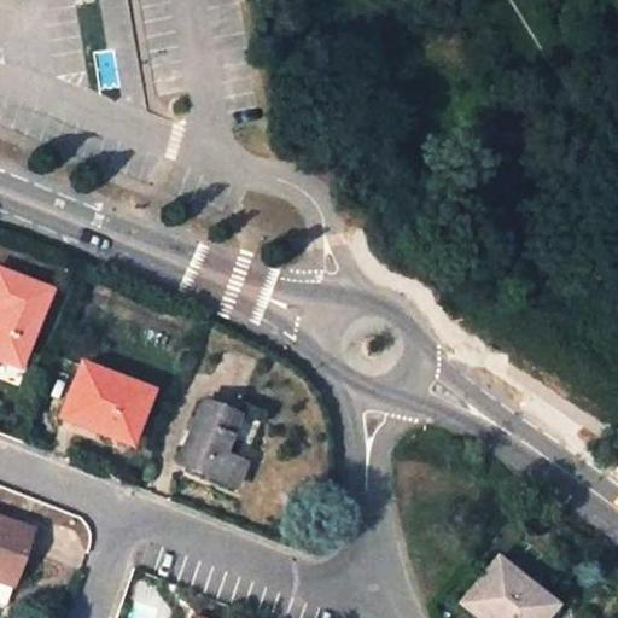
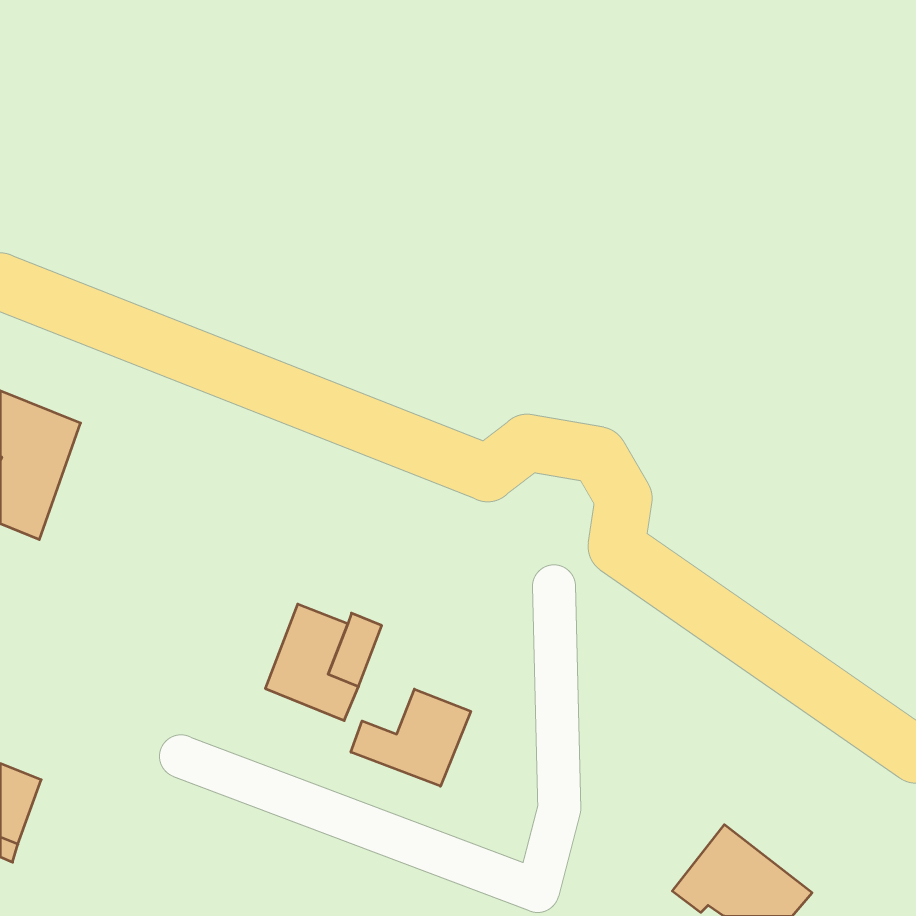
building: [66,366,152,443] -> none
building: none -> [351,689,471,786]

